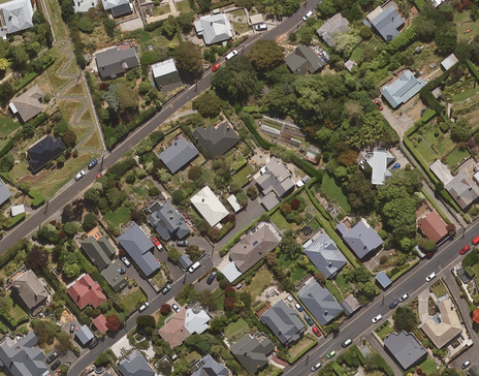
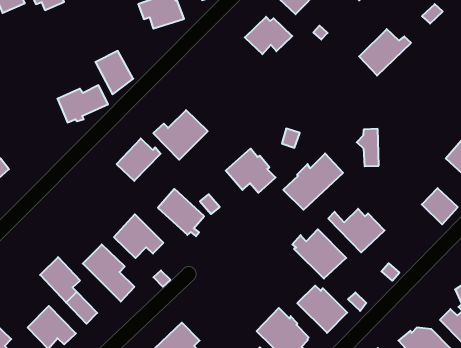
building: [95,46,138,75] -> [57,85,108,122]
building: [226,224,280,271] -> [283,153,343,210]

